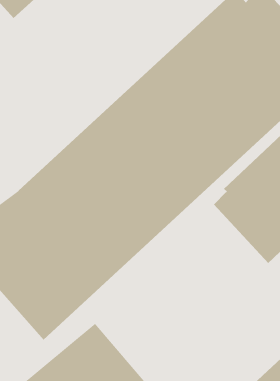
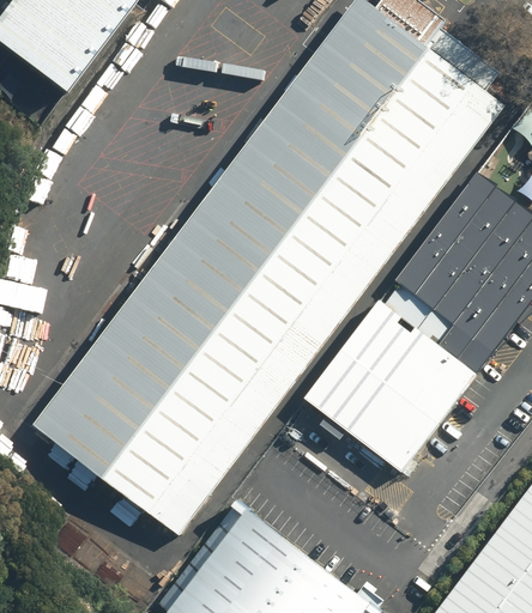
building: none -> [301,299,474,473]

